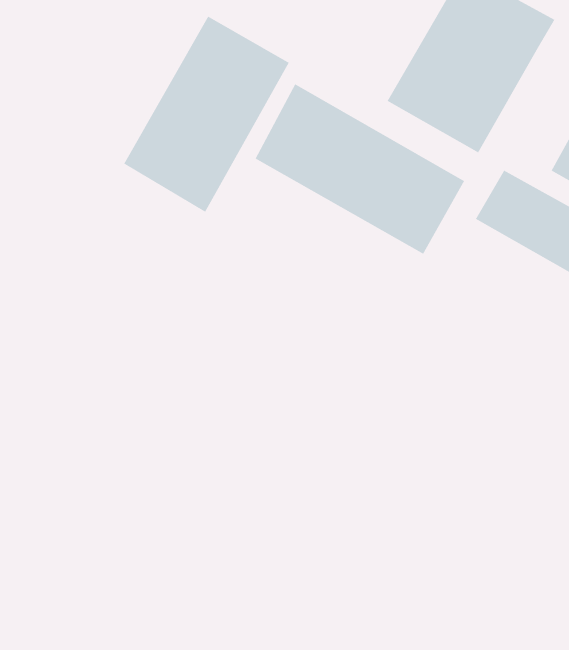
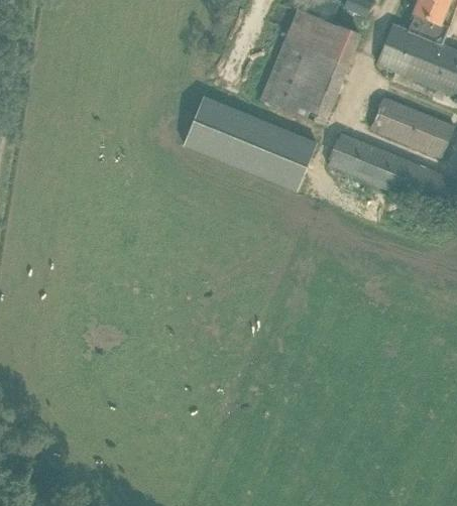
building: [123,15,290,213] -> none

